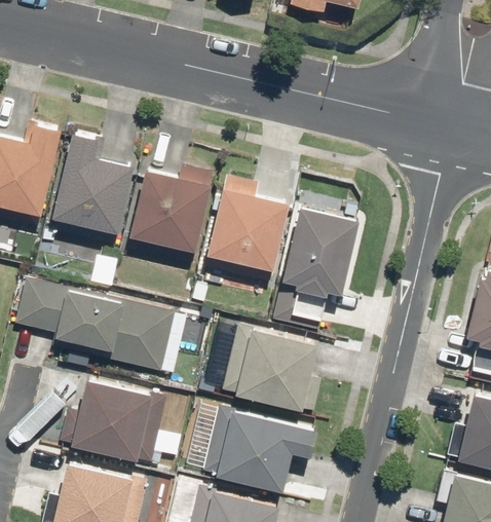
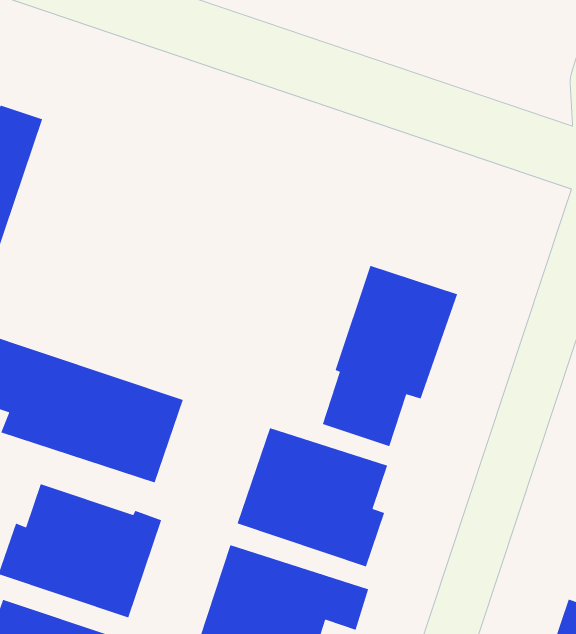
building: [48,129,135,246] -> none
building: [125,163,218,265] -> none
building: [201,173,294,283] -> none

